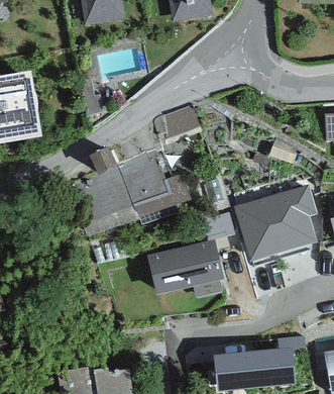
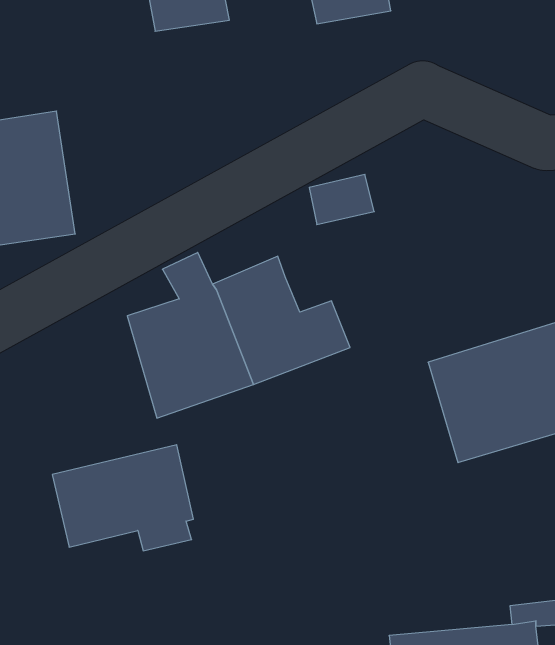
building: [147,238,224,296] -> [52,445,193,551]

